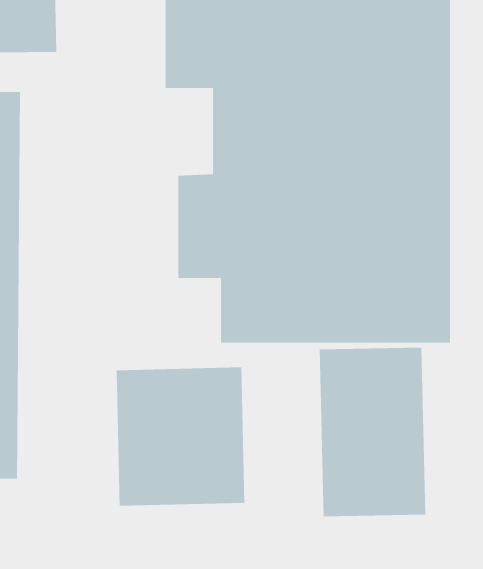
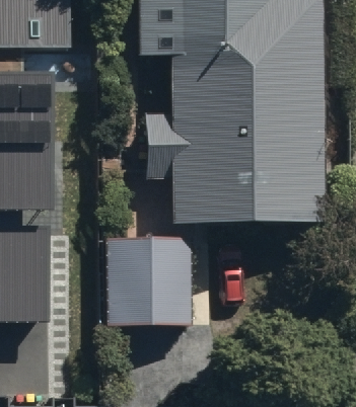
building: [319,347,426,517] -> none

